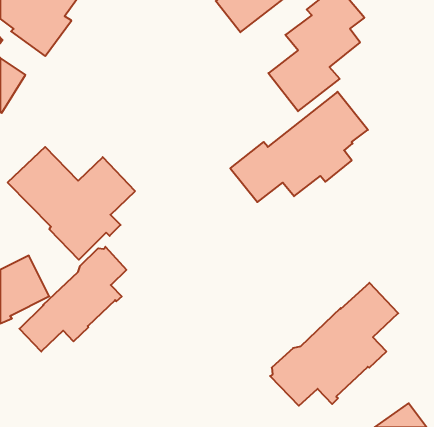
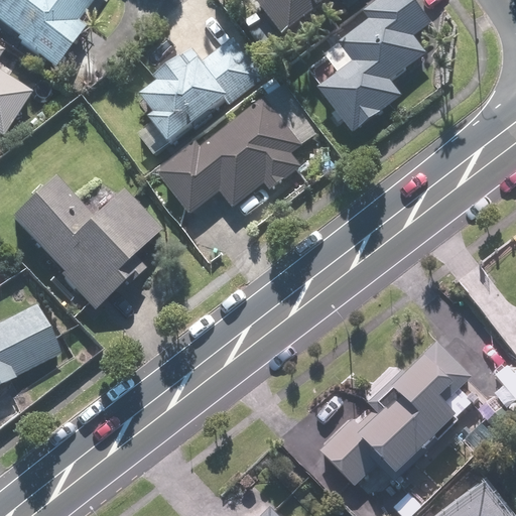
building: none -> [138,35,266,153]
building: [230,92,368,202] -> [158,82,321,213]
building: [19,247,126,352] -> none

